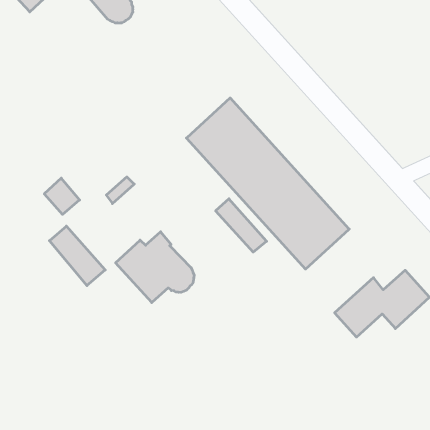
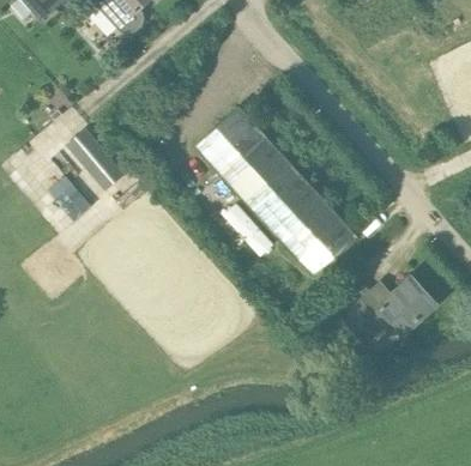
building: [49,226,105,286] -> [68,131,123,189]
building: [116,232,194,303] -> none

